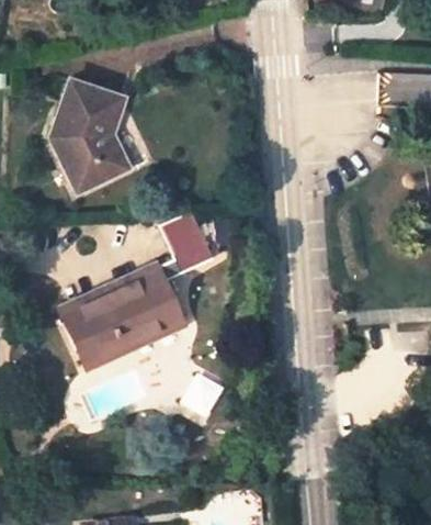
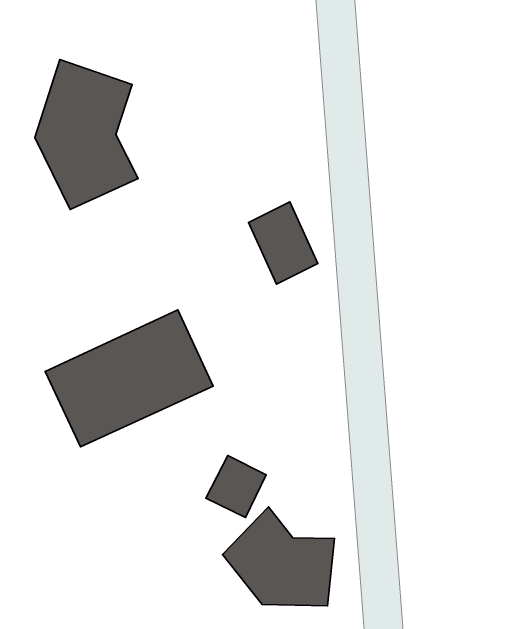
building: [163,210,215,271] -> [249,202,318,284]
building: none -> [223,507,334,606]

